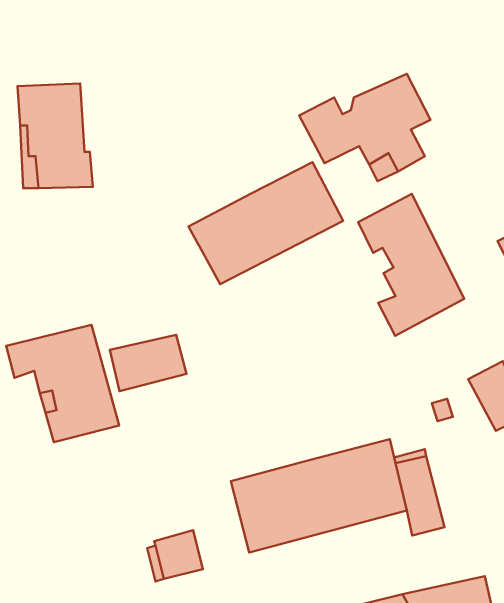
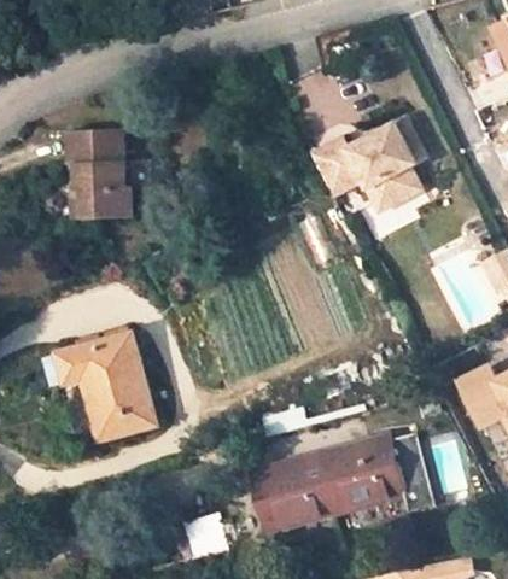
building: [188,162,343,284] -> none
building: [358,194,464,336] -> none
building: [110,335,187,391] -> none

